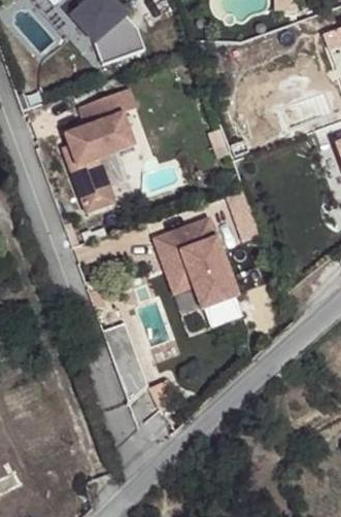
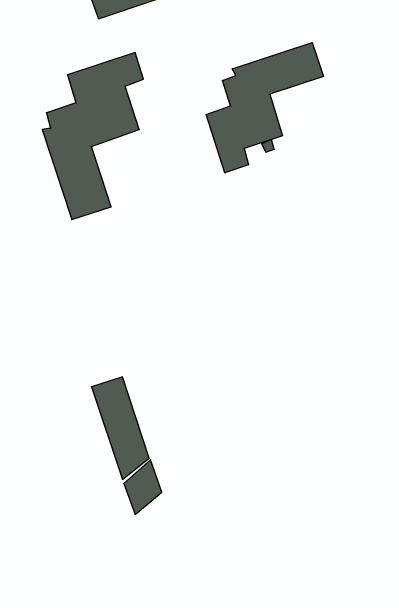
building: none -> [206,43,323,173]
building: [152,221,233,311] -> none

